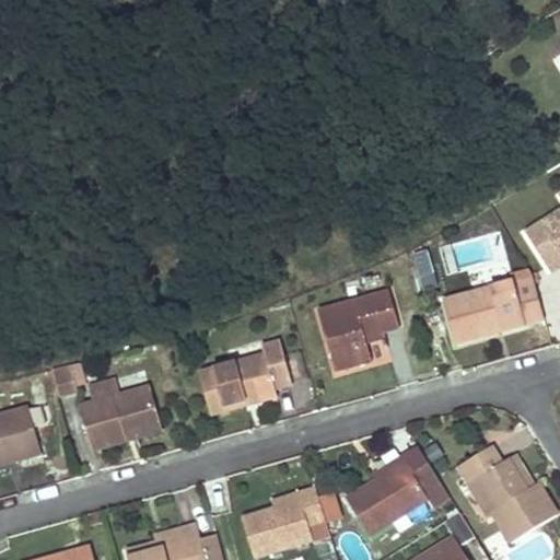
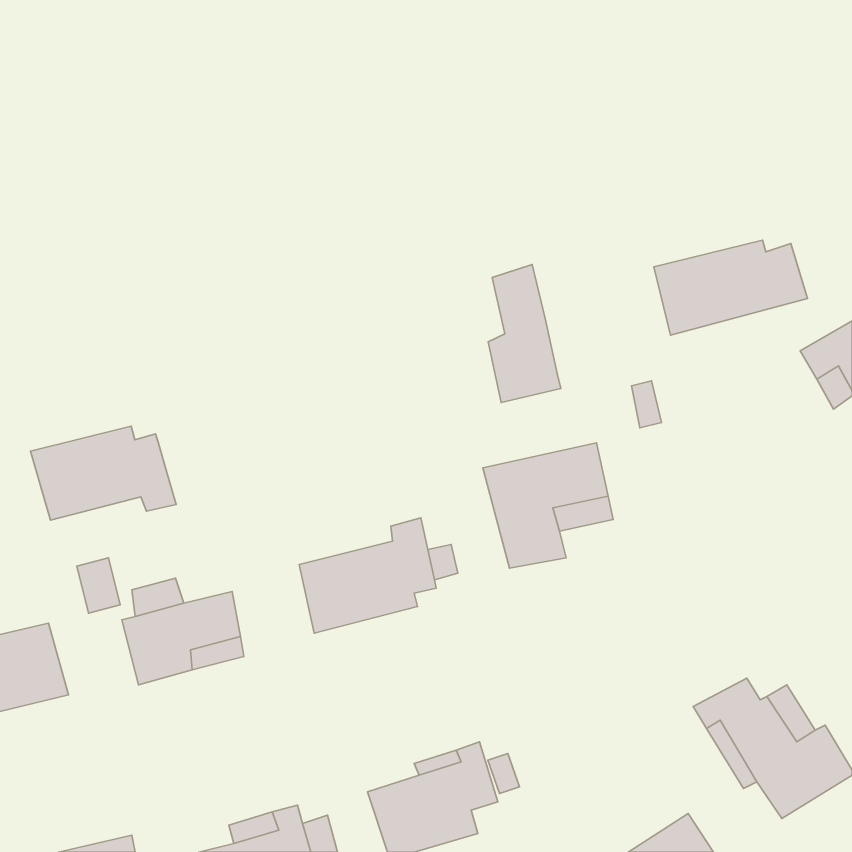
building: none -> [488,264,561,403]
building: none -> [31,426,176,520]
building: [444,283,545,346] -> [654,240,808,335]
building: [346,444,438,535] -> none

